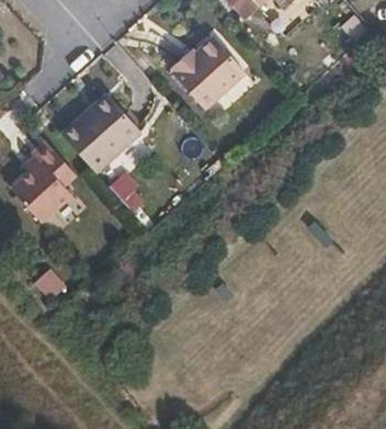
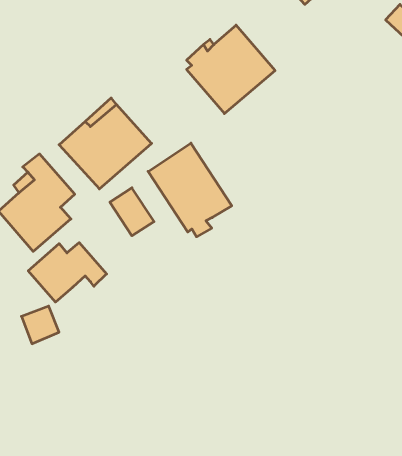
building: none -> [148,143,232,237]
building: none -> [28,243,107,302]

